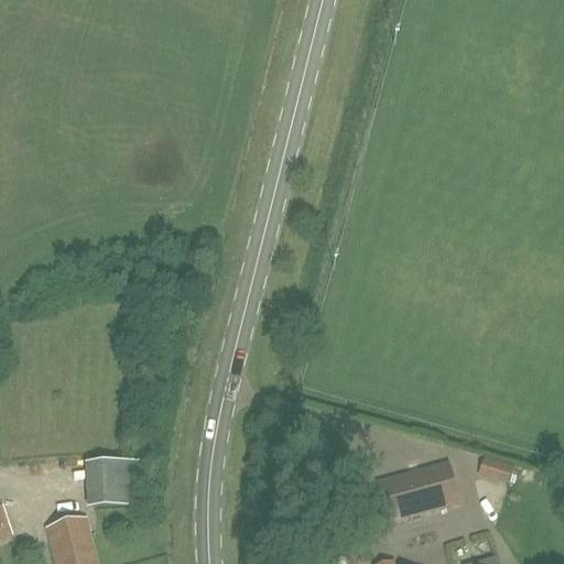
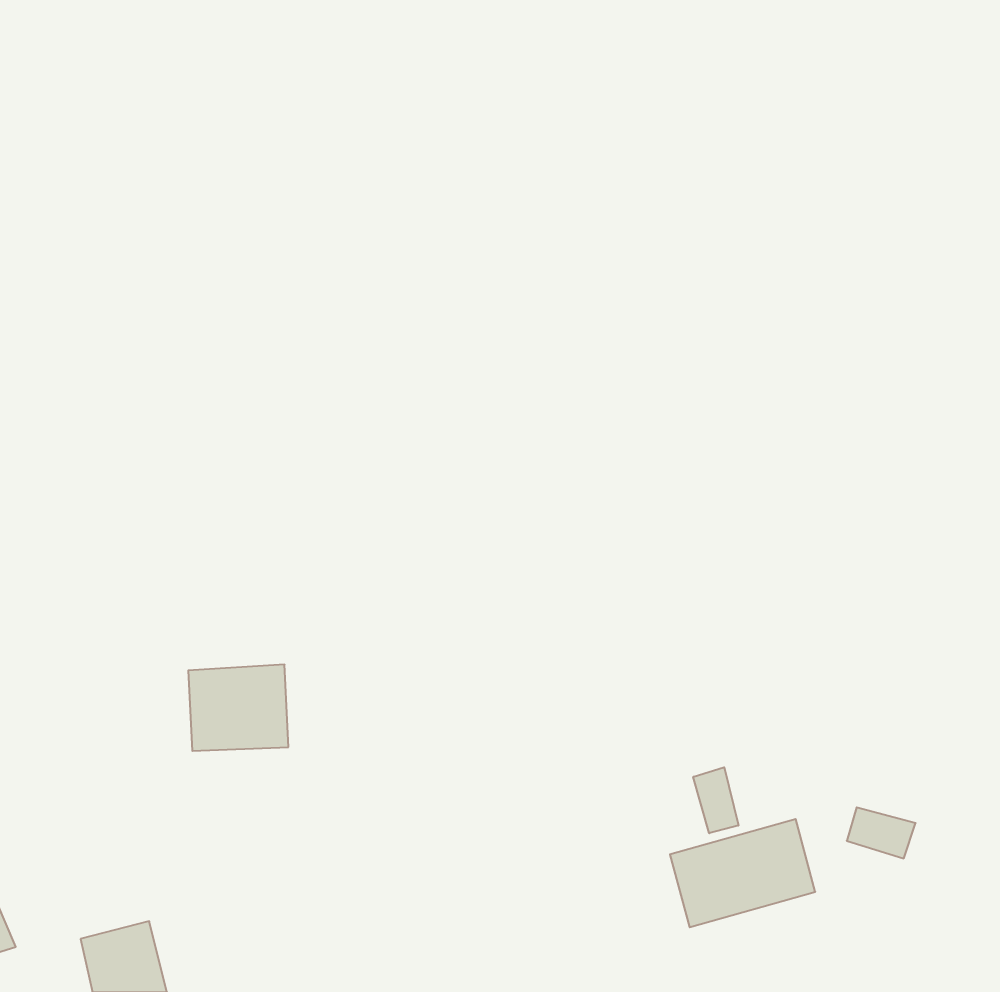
building: none -> [693,767,738,833]
building: [85,458,141,507] -> [188,665,288,751]

